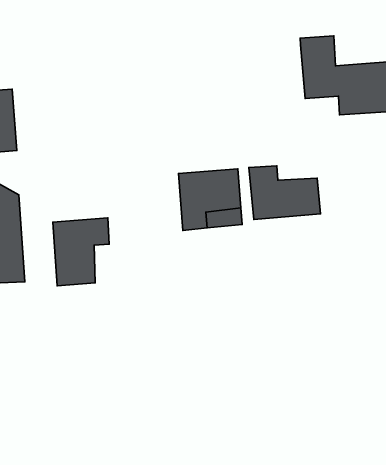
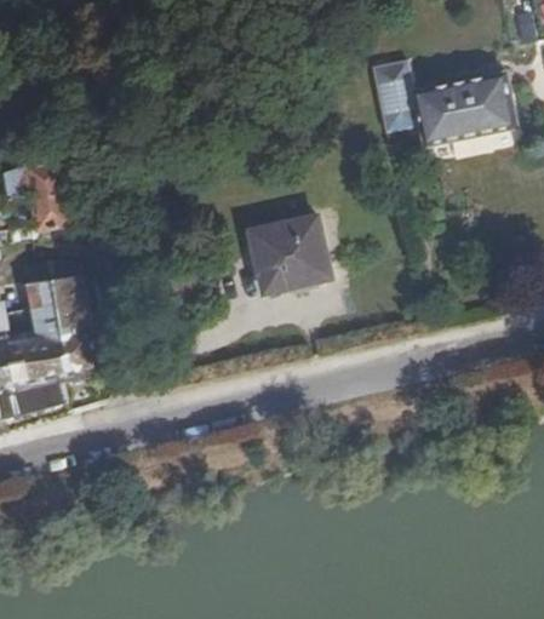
building: [249,166,320,219] -> none
building: [53,218,109,286] -> none

